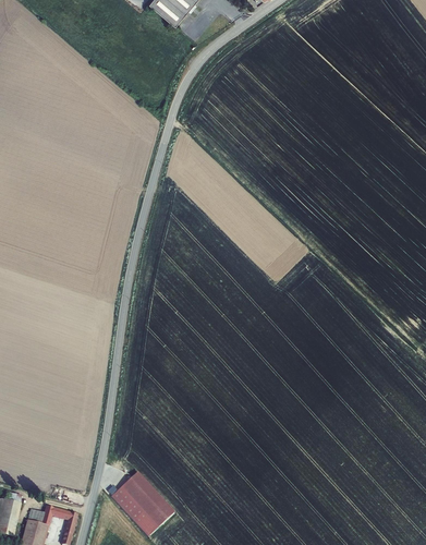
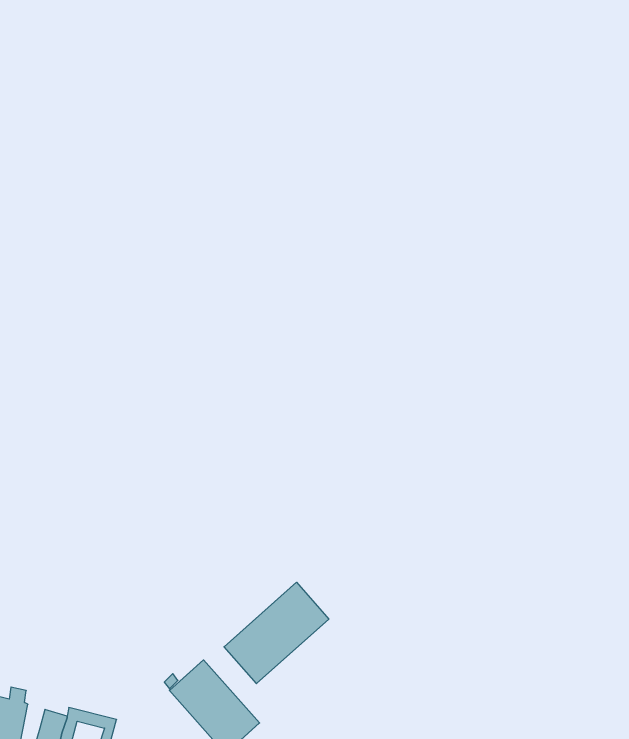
building: none -> [224,582,329,684]

